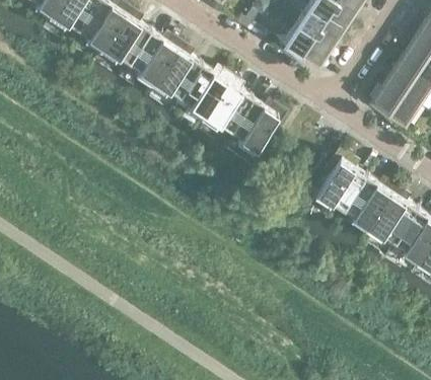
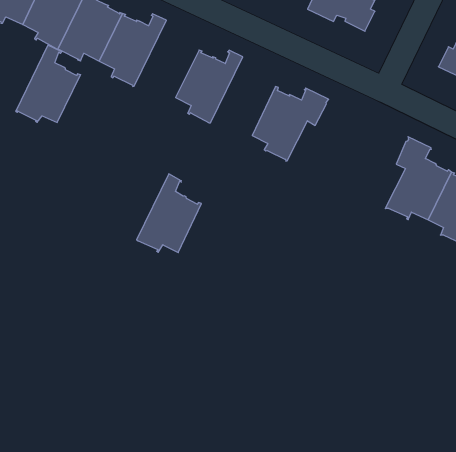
building: [150,42,200,97] -> [16,45,81,122]
building: [201,75,250,132] -> [137,174,201,253]

